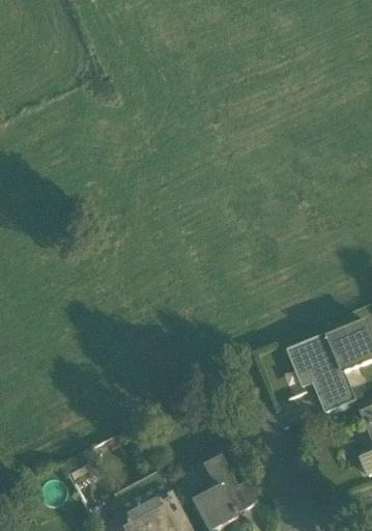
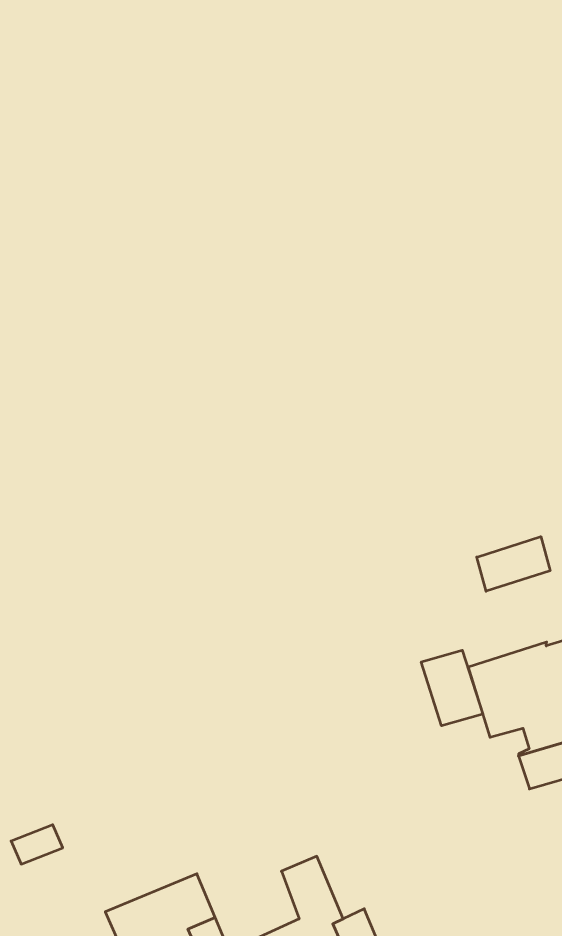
building: none -> [477,537,550,591]
building: none -> [421,650,483,726]

